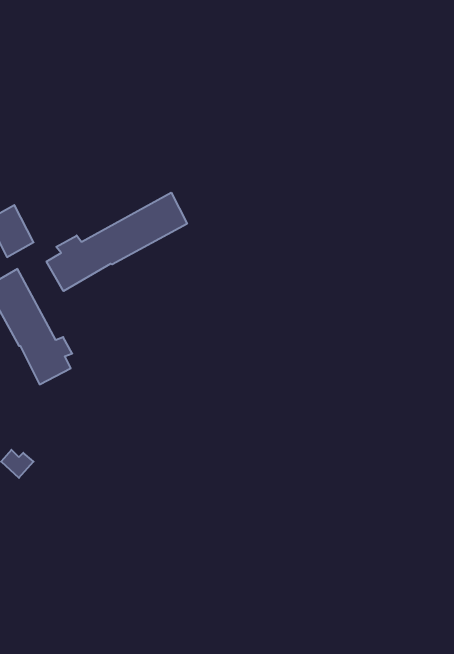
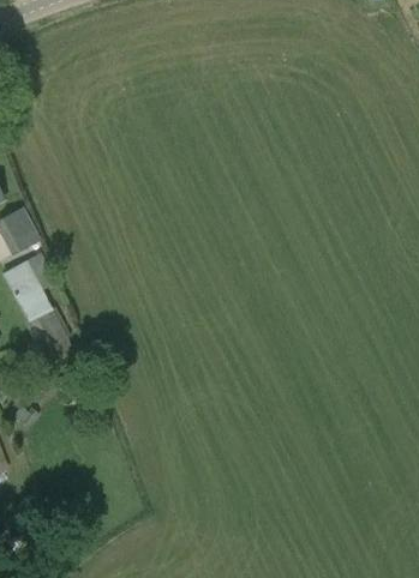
building: [47,193,187,291] -> none

